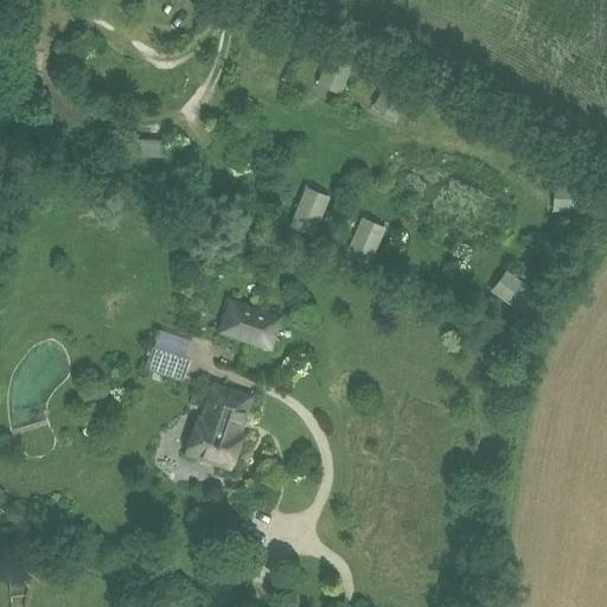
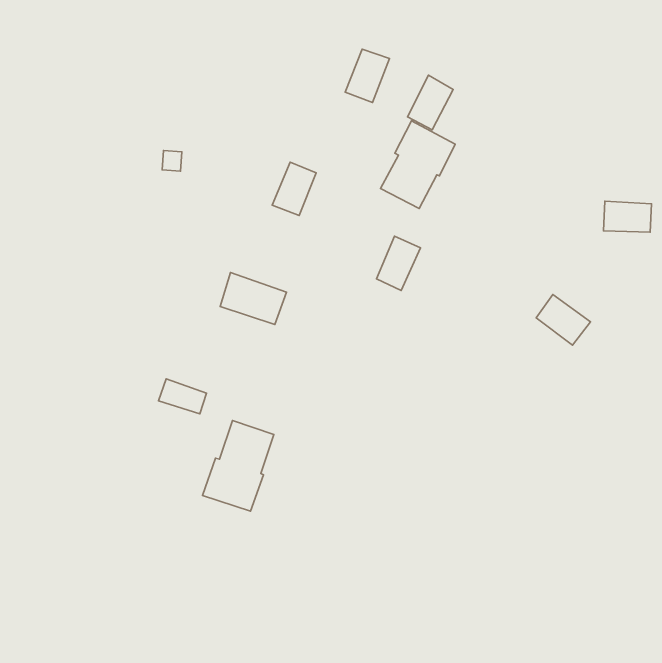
building: none -> [381,121,455,208]
building: [289,186,330,235] -> [272,162,316,216]
building: [221,300,281,347] -> [220,273,286,325]

